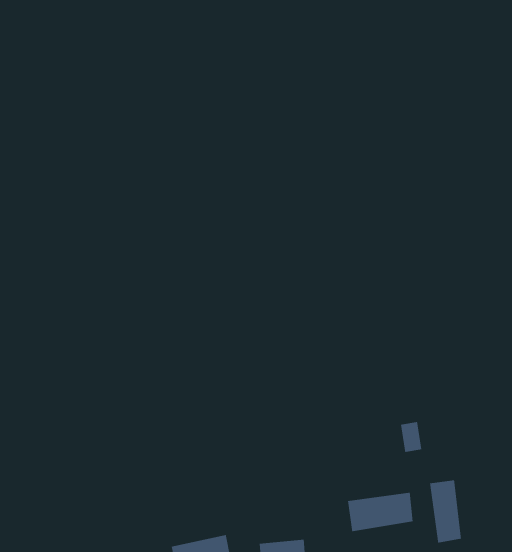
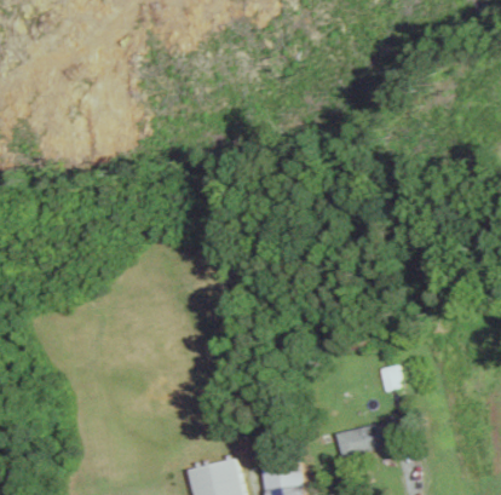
building: [429,479,461,543] -> none

